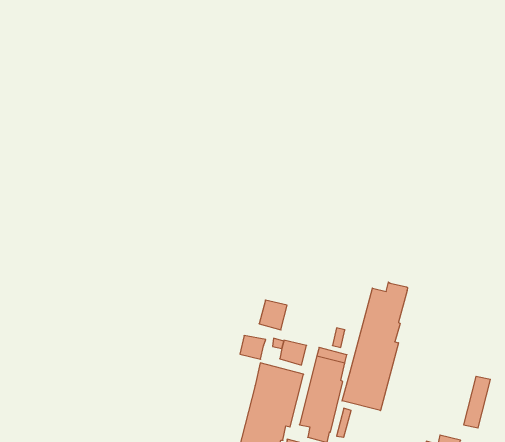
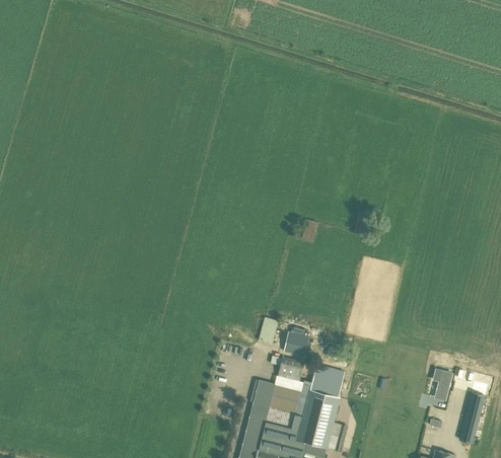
building: [342,282,407,411] -> none
building: [240,336,266,359] -> [283,331,308,355]
building: none -> [431,368,452,400]

